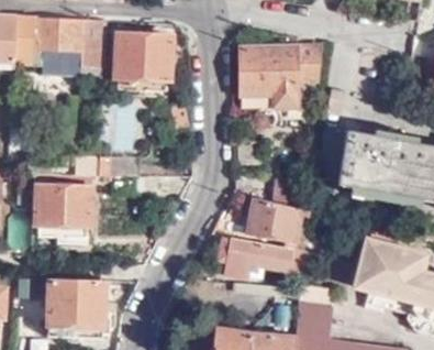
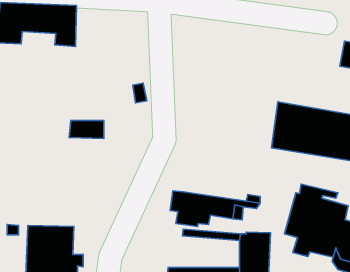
building: [115,33,174,96] -> none
building: [240,43,323,105] -> none
building: [31,171,92,242] -> none
building: [248,196,307,243] -> none

